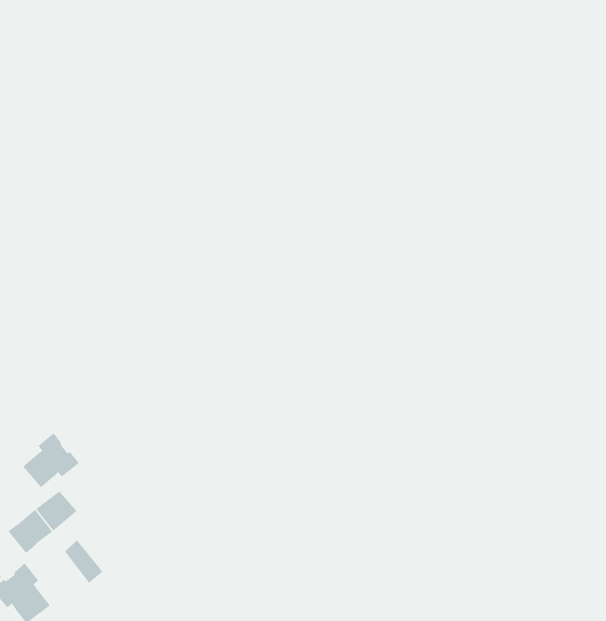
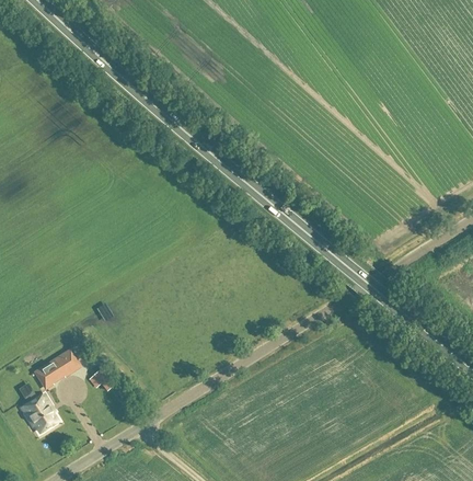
building: [22,432,80,488] -> none

